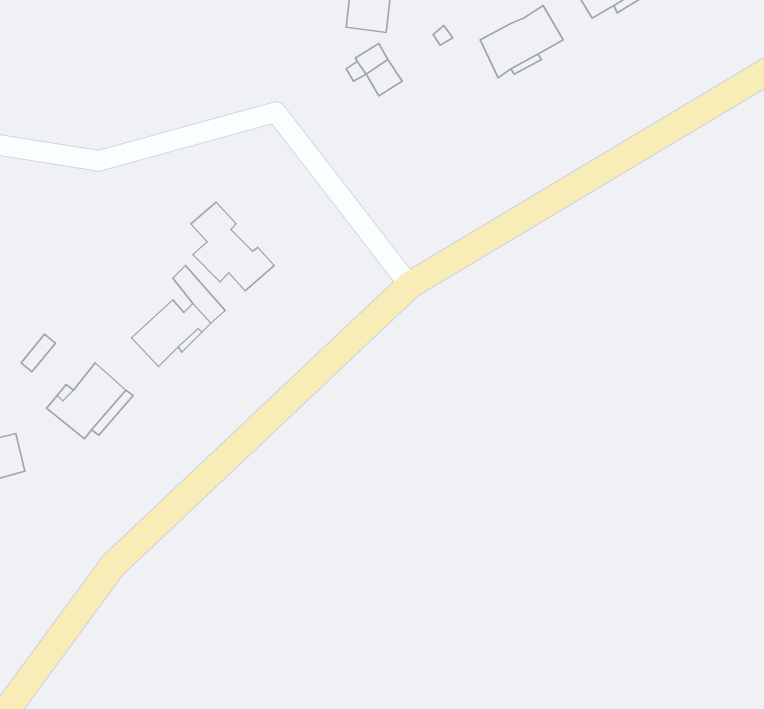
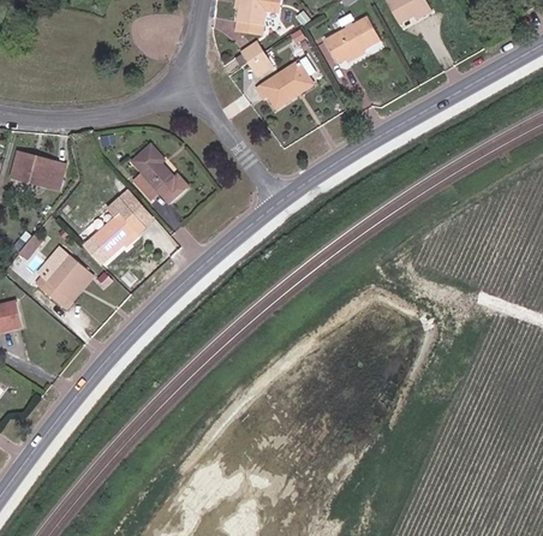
building: none -> [255,54,318,108]
building: none -> [10,155,64,189]

